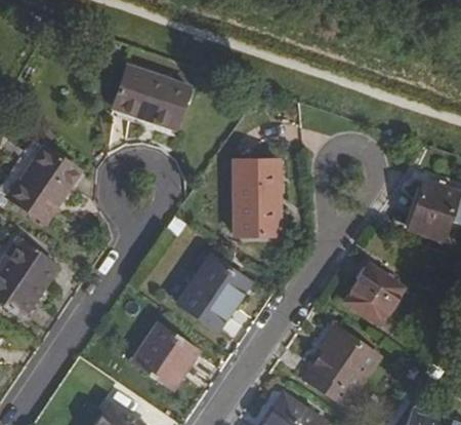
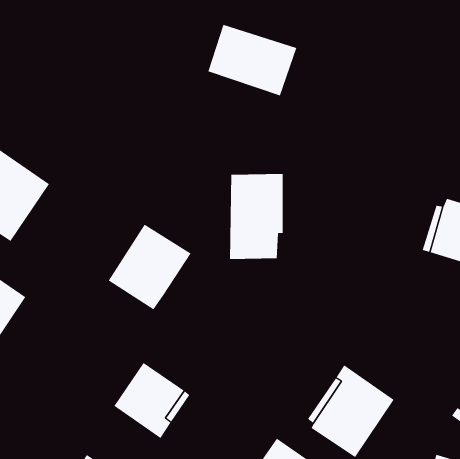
building: [115,65,193,127] -> [207,24,297,96]
building: [180,257,253,332] -> [108,224,192,310]
building: [345,266,403,323] -> none

